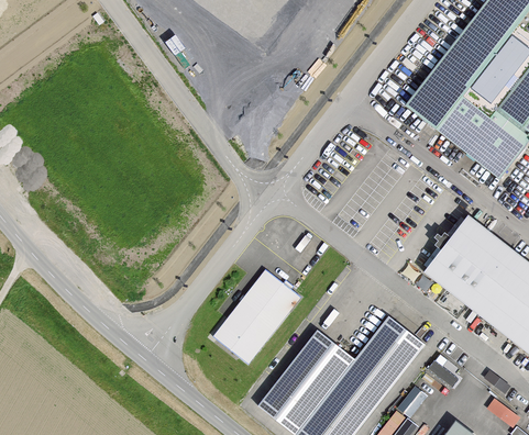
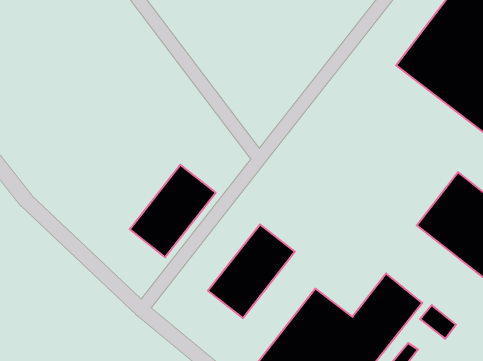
building: none -> [130,165,216,257]

